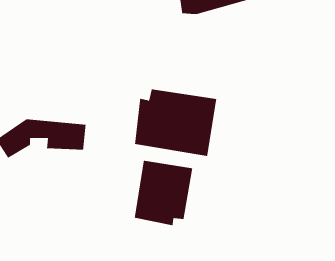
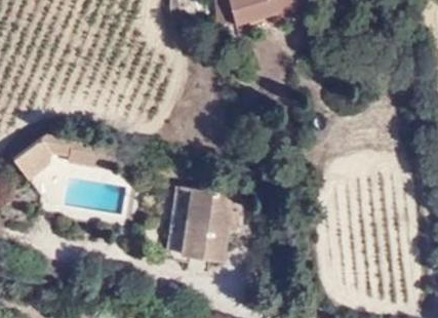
building: [134,88,217,157] -> none

